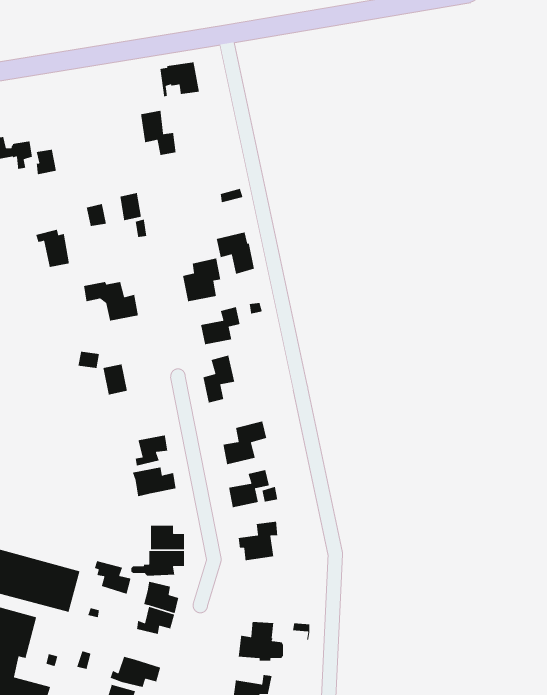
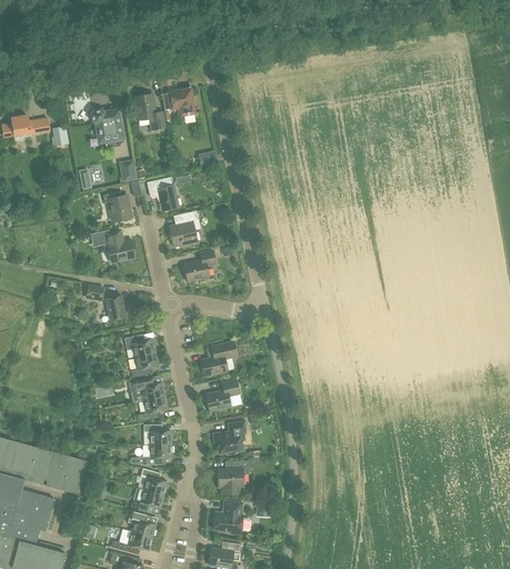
building: [159,61,200,98] -> [162,88,194,117]
building: none -> [90,108,123,147]
building: [35,229,70,268] -> [102,190,130,221]
building: [216,232,255,275] -> [147,176,178,210]
building: [202,354,235,403] -> none
building: none -> [124,333,156,356]
building: none -> [138,395,167,420]
building: [94,560,131,595] -> [126,509,156,537]
building: none -> [218,459,249,493]

